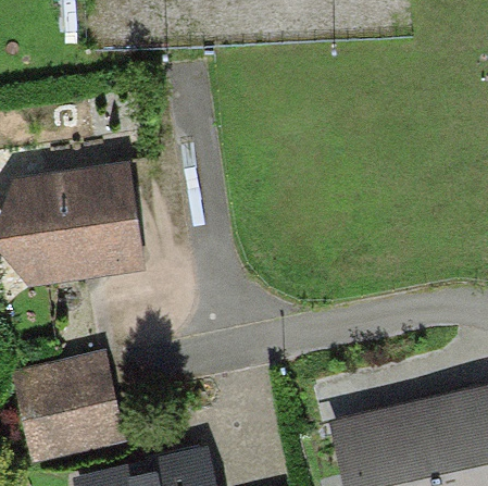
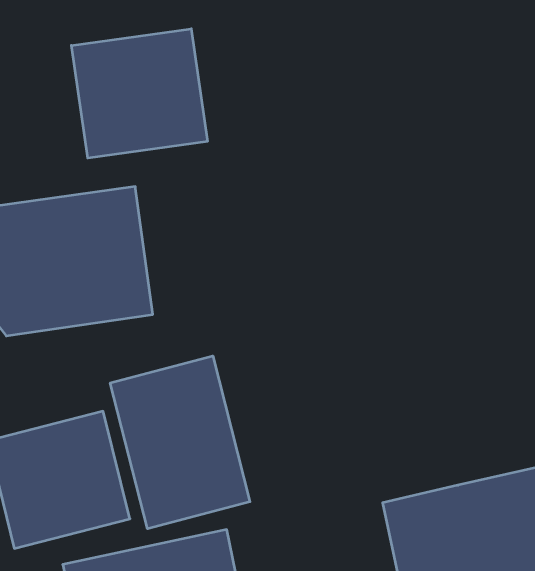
building: none -> [71,29,207,158]
building: none -> [110,356,250,529]

